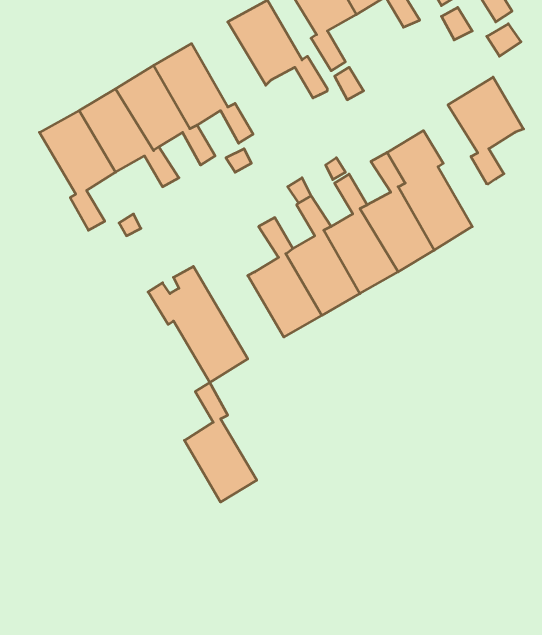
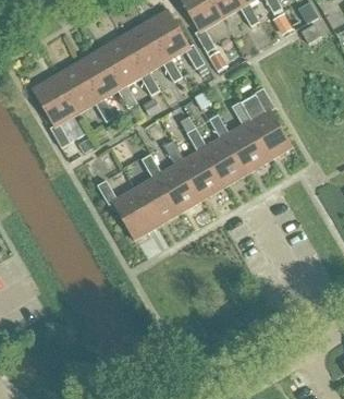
building: none -> [123,23,183,82]
building: [448,77,524,184] -> none
building: [184,382,257,502] -> [135,154,179,226]

